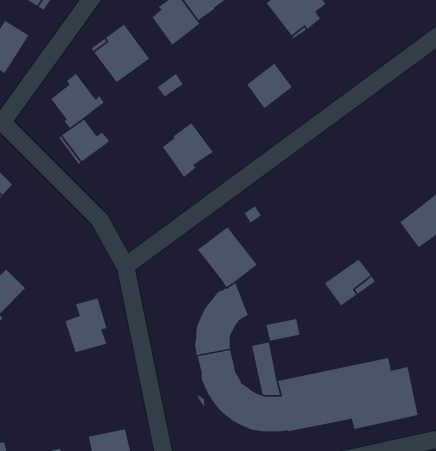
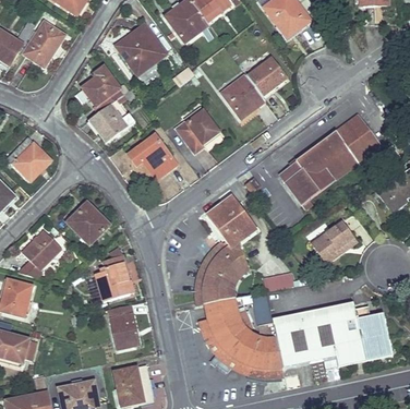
building: none -> [221,73,264,118]
building: none -> [278,113,381,204]
building: none -> [129,134,176,178]
building: none -> [67,202,109,244]
building: none -> [109,303,135,348]

